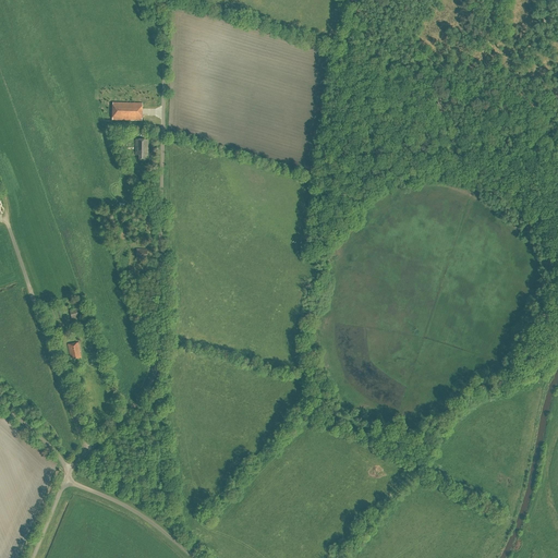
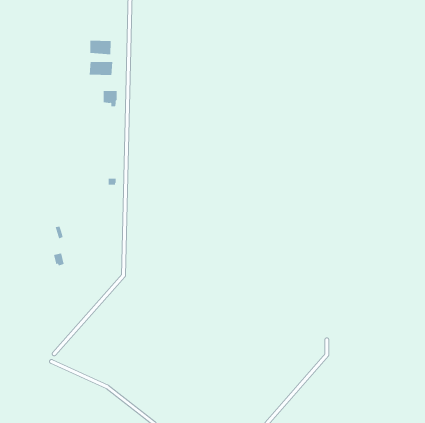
building: none -> [90,40,111,55]

